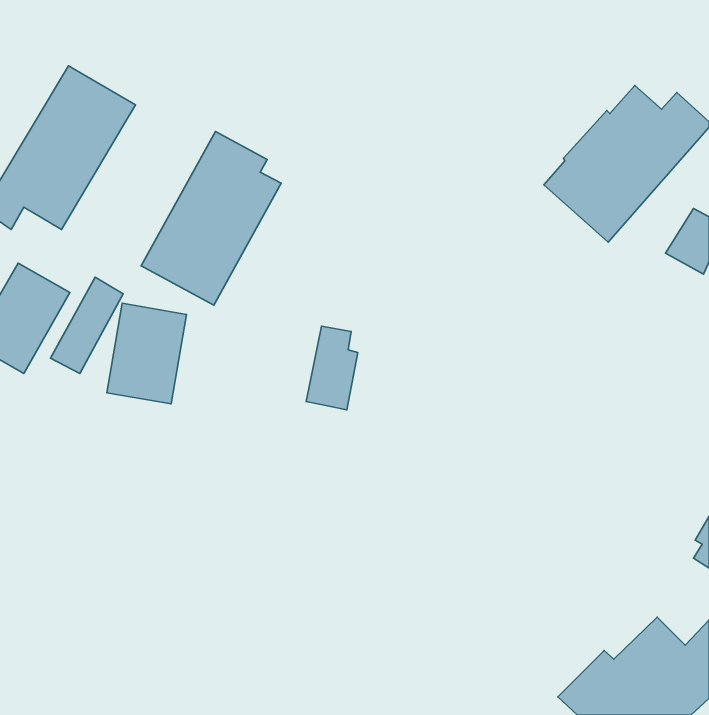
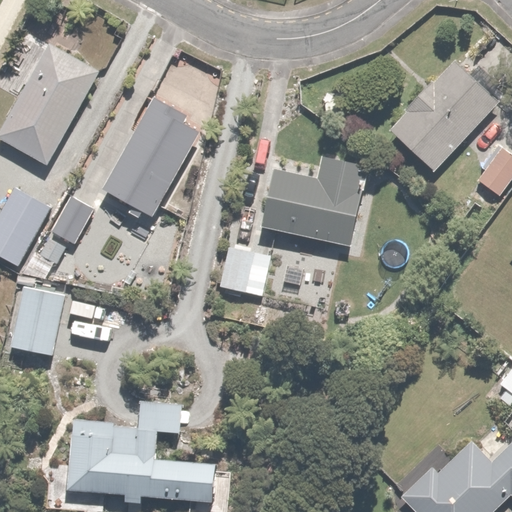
building: none -> [262,157,362,245]
building: [107,303,187,404] -> [9,284,66,356]
building: none -> [66,401,216,499]

